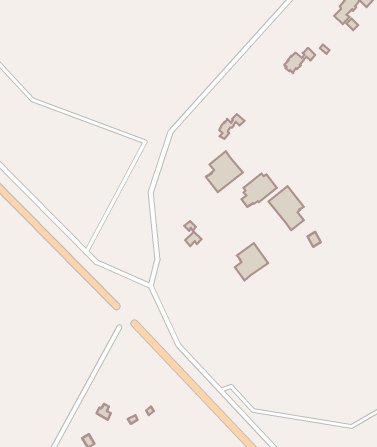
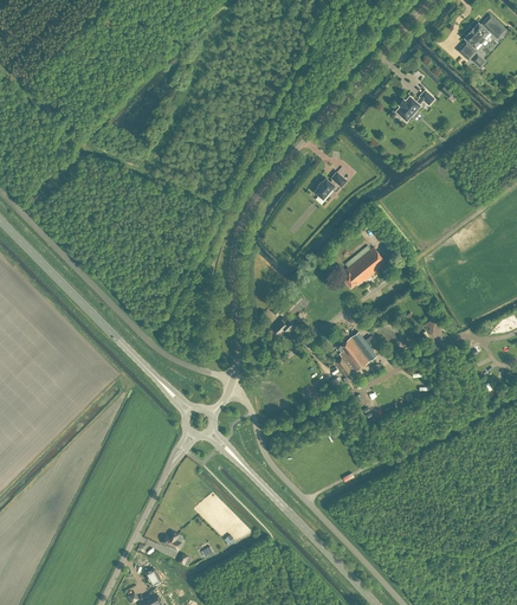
building: [206,151,243,192] -> none
building: [268,186,304,230] -> none

